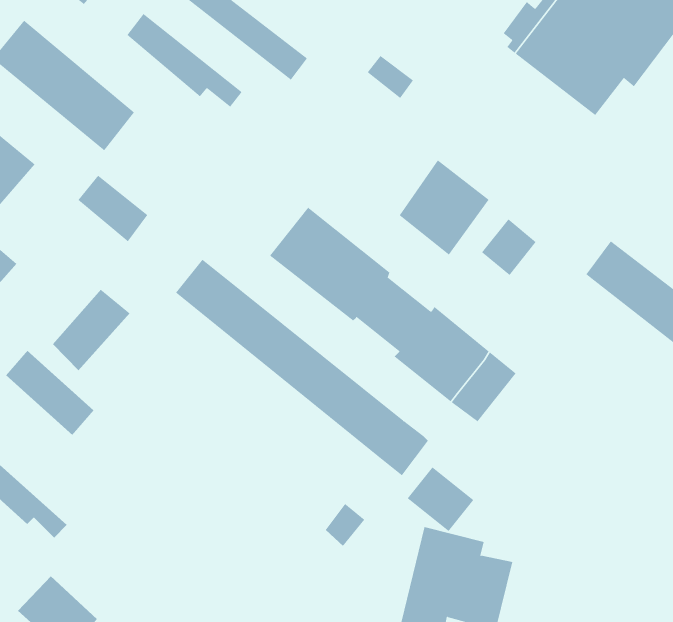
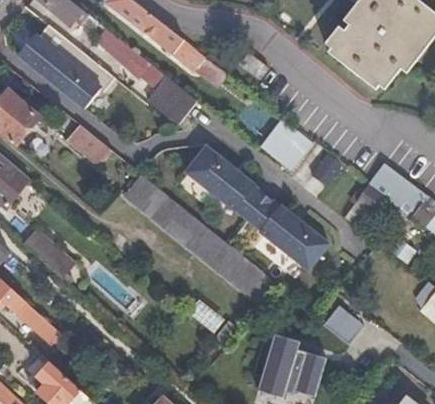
building: none -> [146,76,196,125]
building: [52,289,130,371] -> none
building: [407,466,474,532] -> [324,303,364,342]

